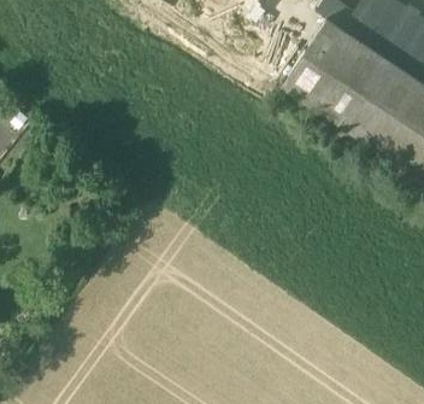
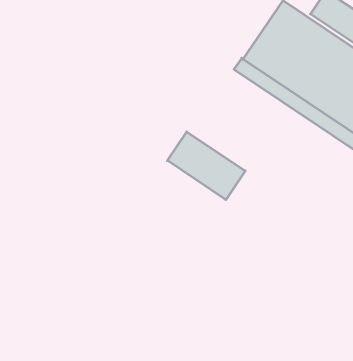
building: none -> [167,132,245,200]

